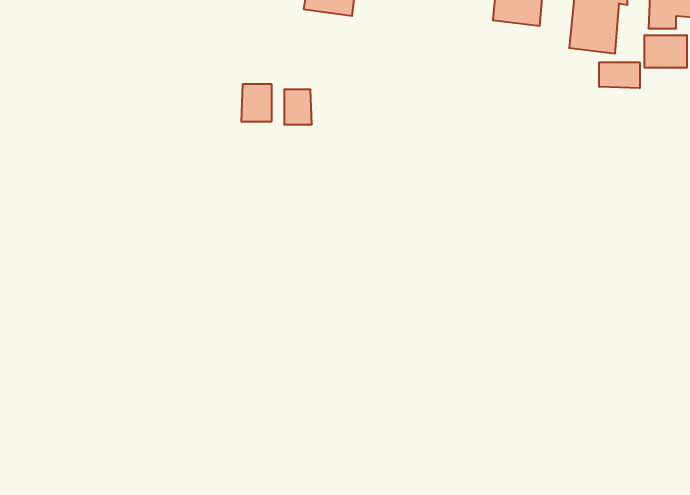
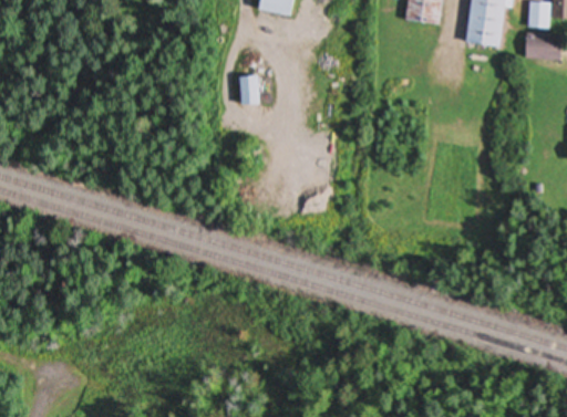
building: [599,62,640,88] -> none
building: [241,84,271,122] -> none

